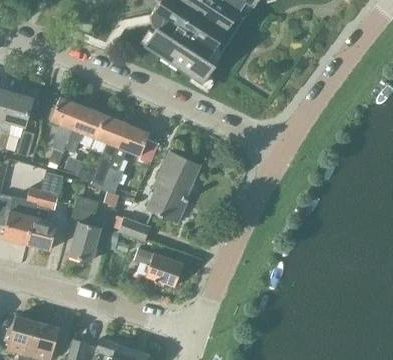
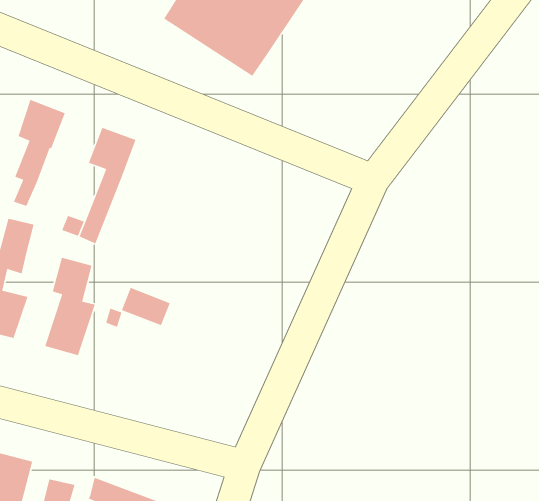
building: [64,106,105,154] -> none
building: [101,123,157,194] -> none
building: [147,152,199,224] -> none
building: [135,247,184,285] -> none

